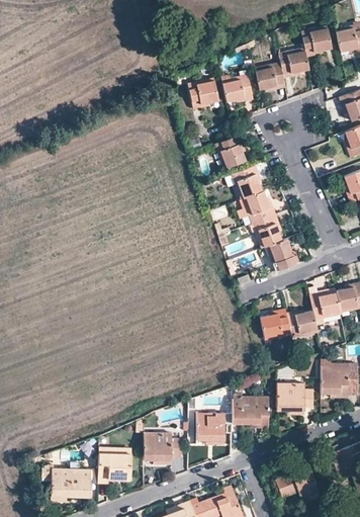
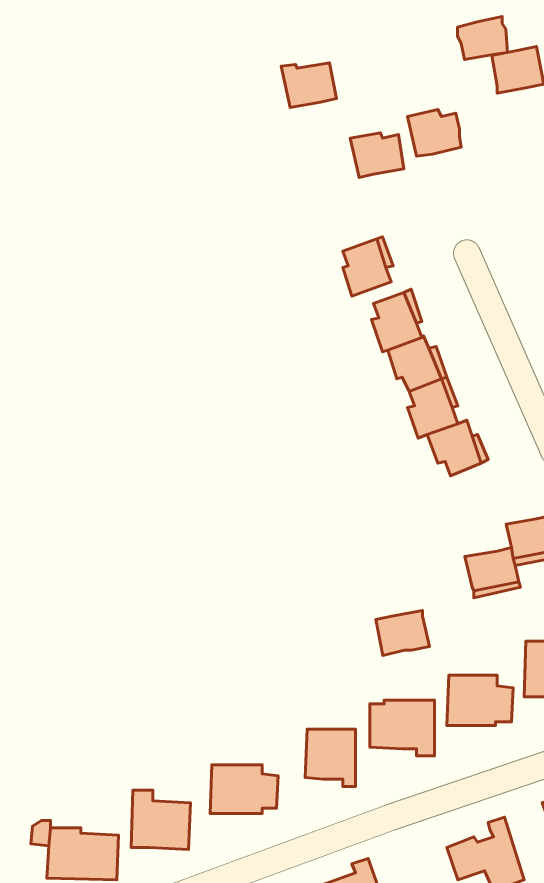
building: [280,51,308,75] -> [457,16,508,60]
building: [188,81,219,106] -> [281,63,337,108]
building: [261,313,291,338] -> [376,611,430,656]

